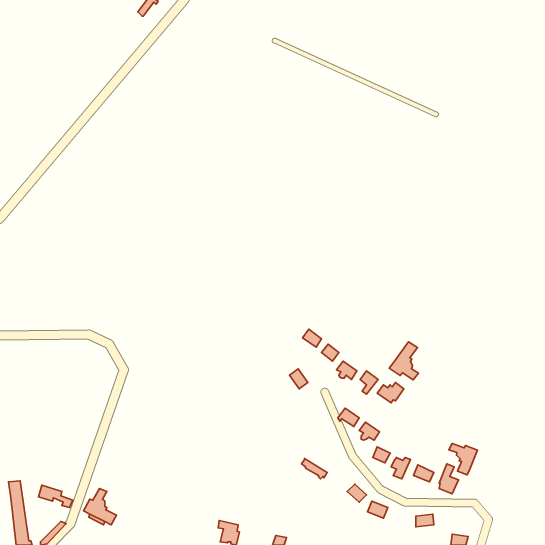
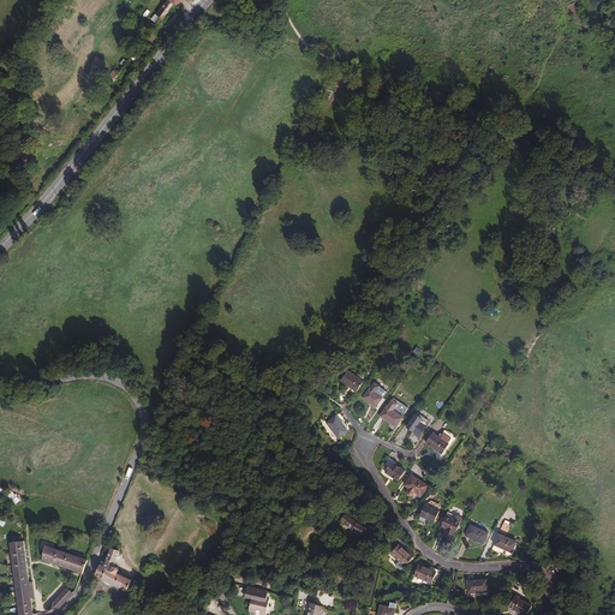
building: [389,342,419,380] -> none
building: [449,443,478,475] -> none

